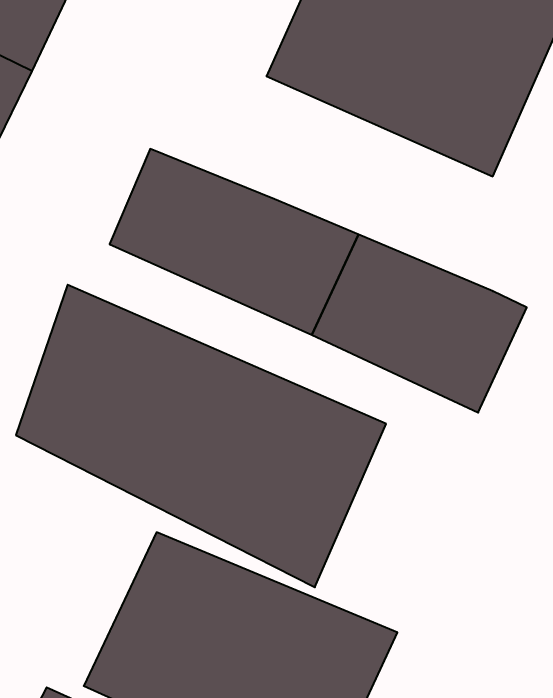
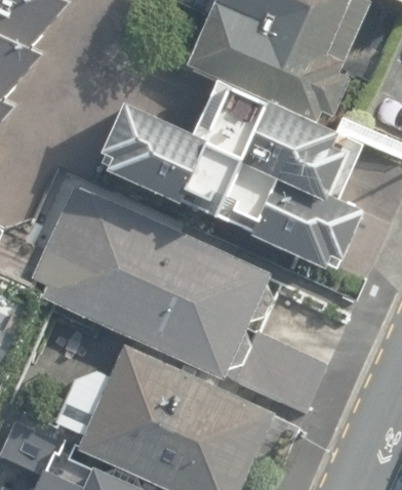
building: none -> [195,82,355,192]

